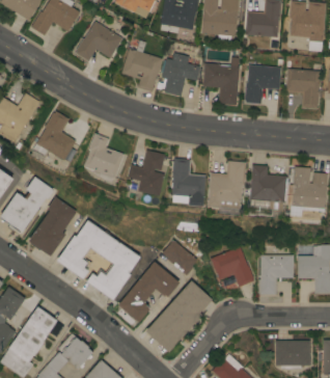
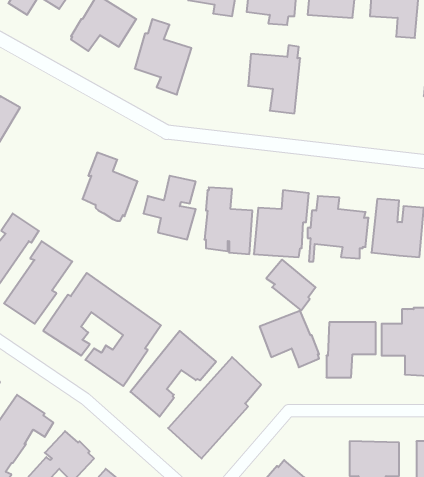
building: [157,52,200,96] -> none
building: [243,64,280,103] -> none
building: [285,68,320,108] -> none
building: [33,110,76,160] -> none
building: [162,239,197,275] -> [266,260,316,310]

